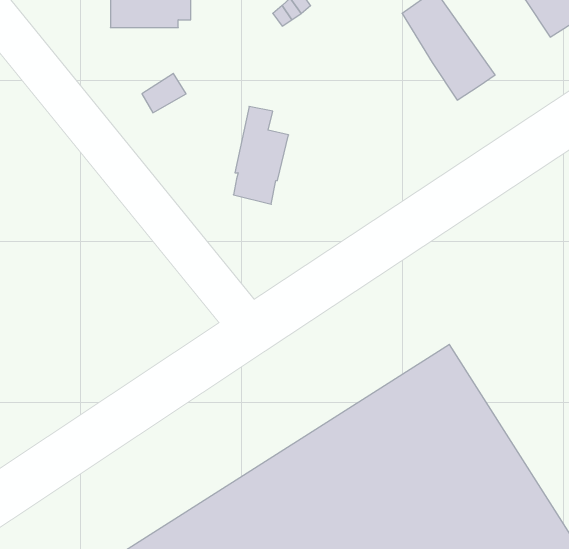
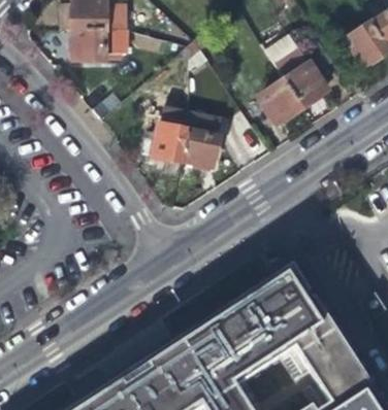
building: none -> [260,83,301,125]
building: none -> [184,118,220,168]

